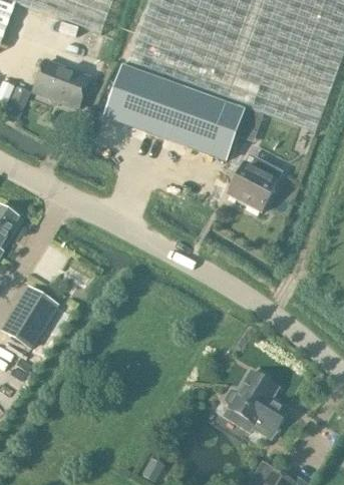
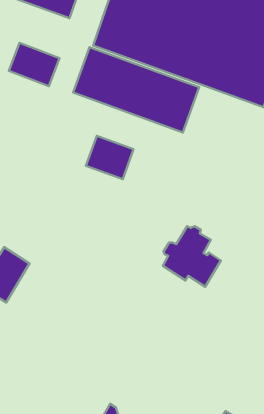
building: [226,155,282,210] -> none
building: none -> [86,136,134,179]
building: [224,371,288,438] -> [163,226,221,287]

